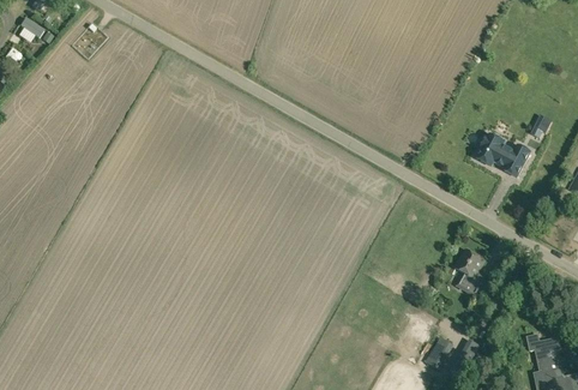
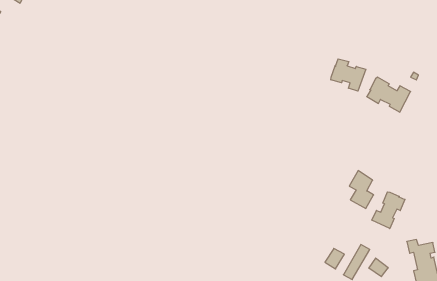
building: none -> [331,59,366,91]
building: none -> [372,192,405,229]

